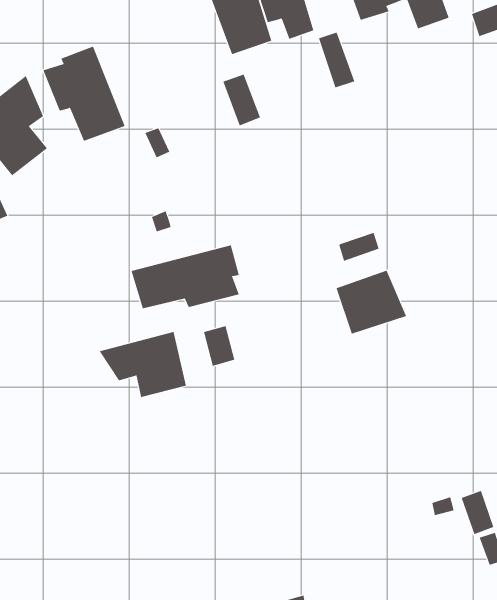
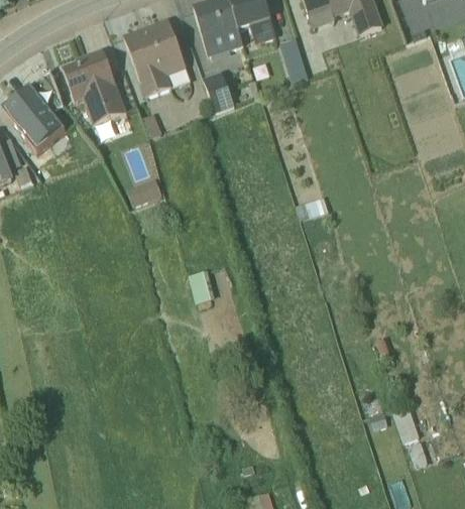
building: none -> [122,19,190,96]
building: [131,245,239,309] -> none
building: [336,270,407,335] -> none
building: [99,331,187,398] -> none

